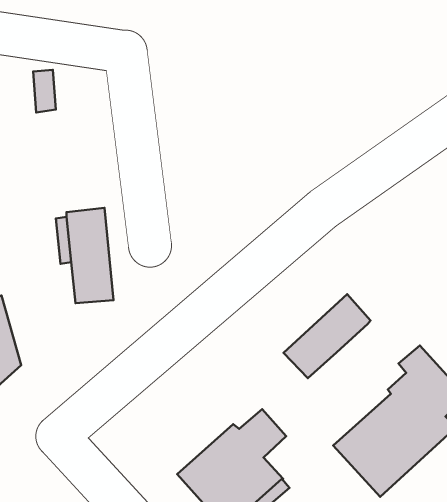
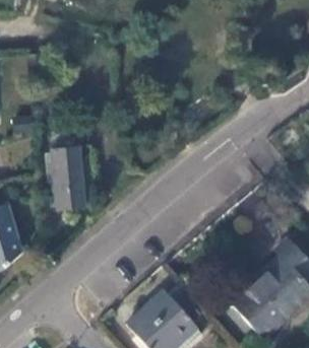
building: [283,294,371,378] -> none

